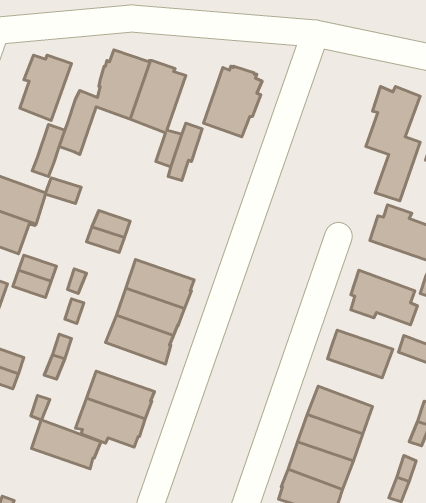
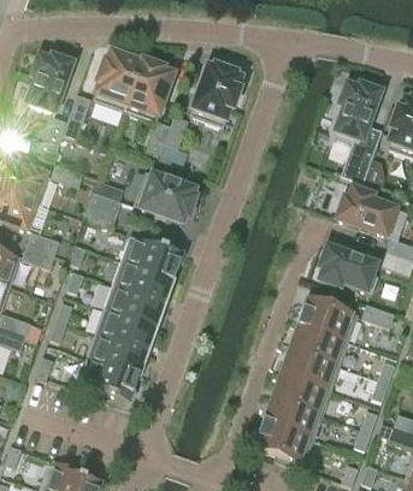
building: none -> [134,171,196,223]
building: none -> [291,323,348,365]
building: [32,420,101,469] -> [95,308,157,351]

